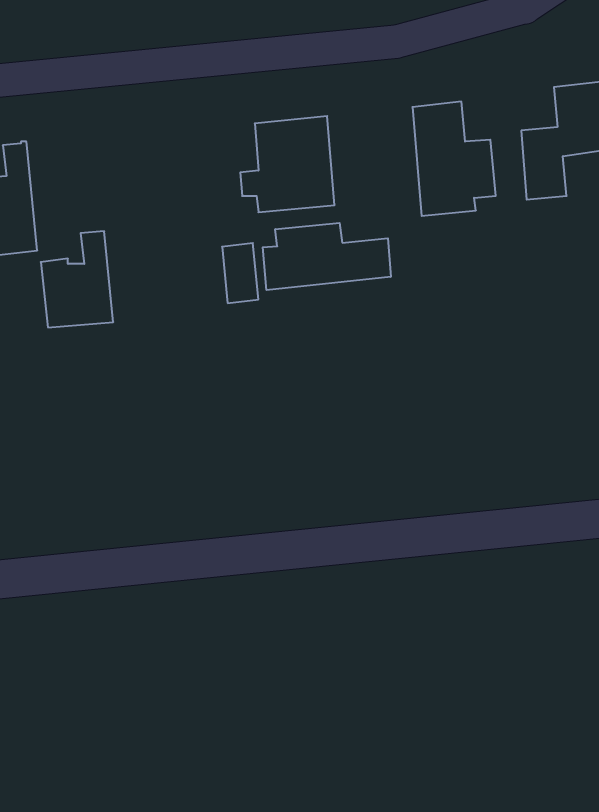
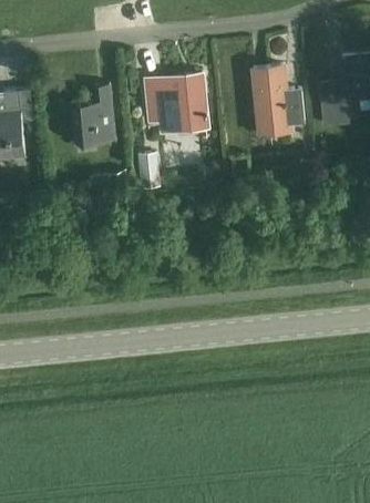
building: [263,223,391,290] -> none
building: [41,231,113,327] -> [71,84,115,143]

